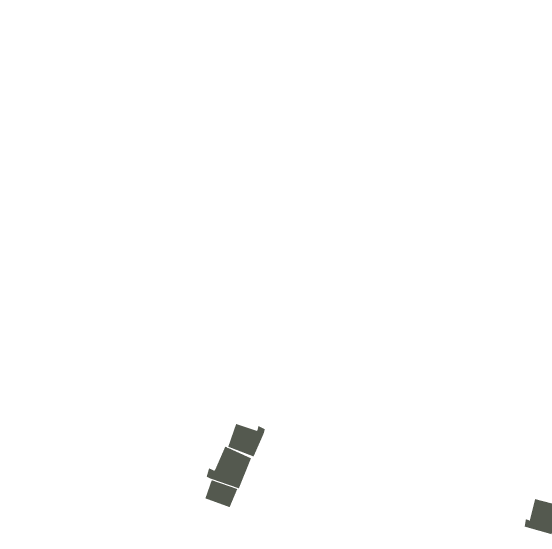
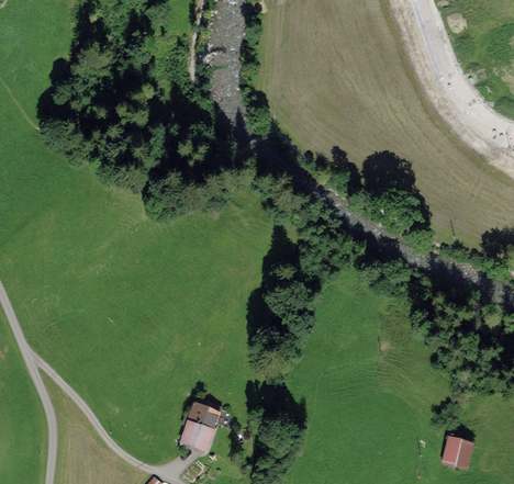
building: [228,423,266,457] -> none

